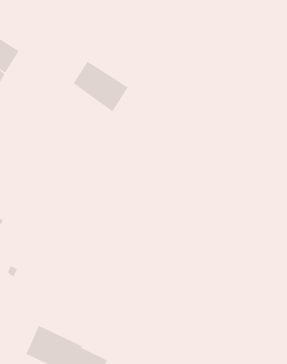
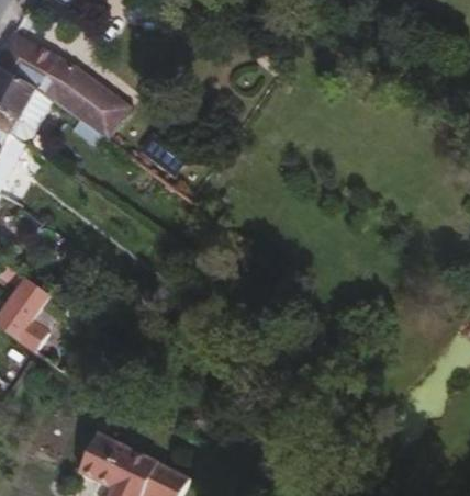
building: [73,61,129,112] -> [52,69,125,137]

